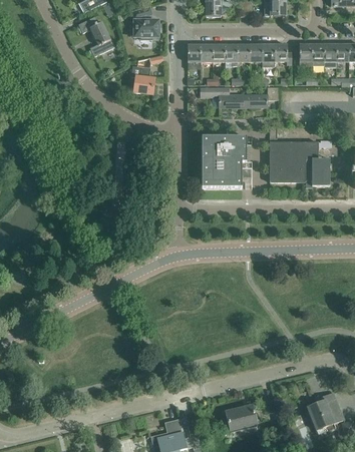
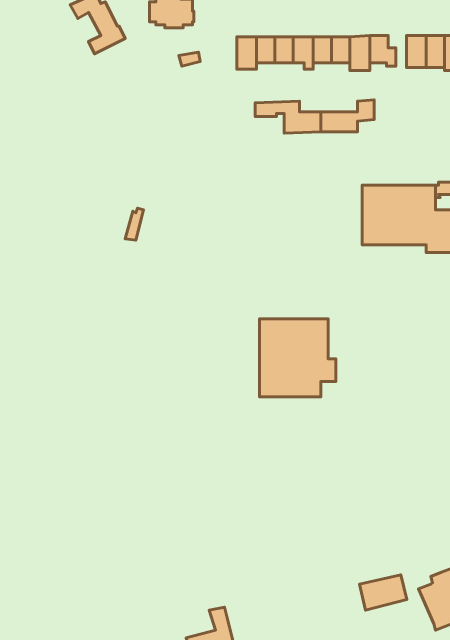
building: [130,64,154,93] -> none
building: [202,135,252,186] -> [260,319,336,397]
building: [226,405,257,428] -> [360,575,407,610]

